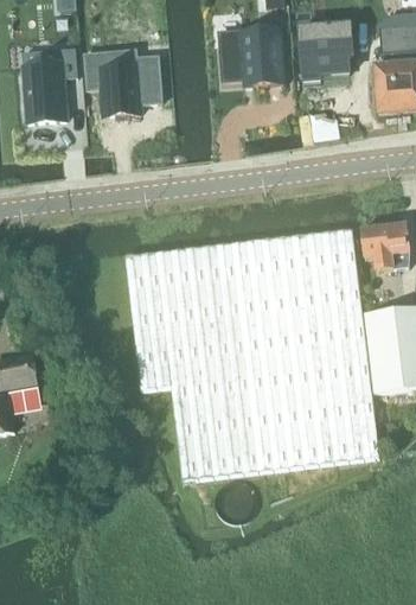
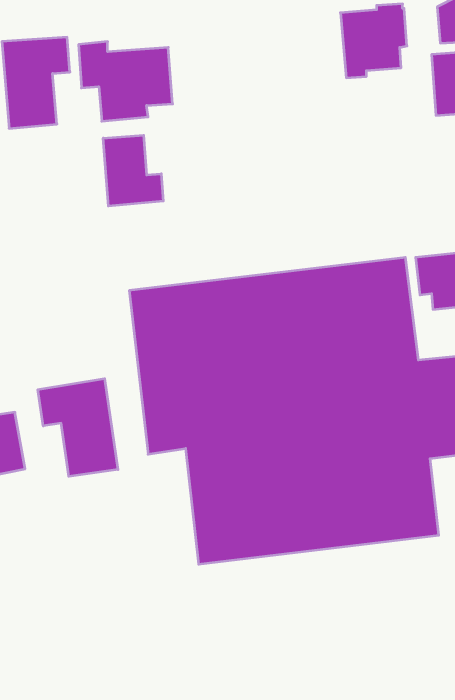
building: [220,27,284,84] -> none
building: none -> [103,135,163,206]
building: none -> [38,379,118,476]

